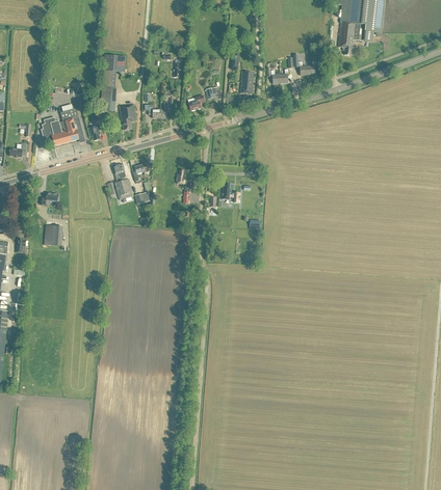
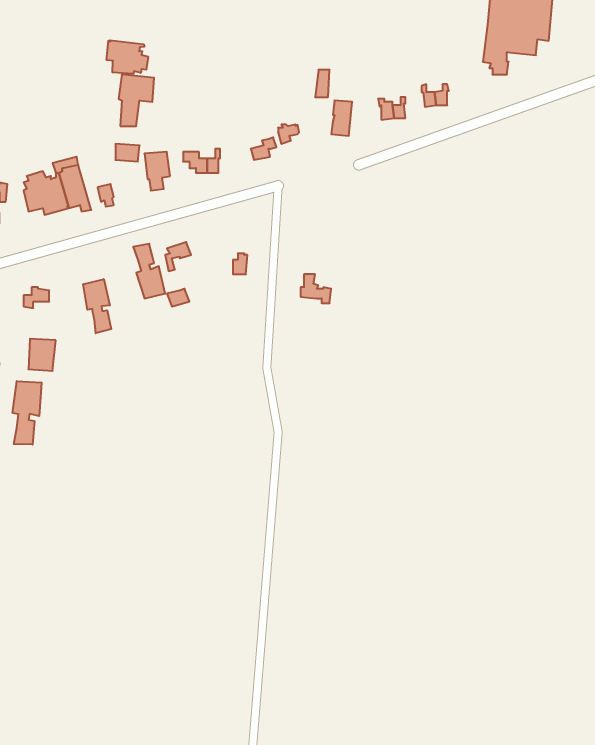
building: none -> [107,40,148,74]
building: none -> [83,279,111,333]
building: none -> [13,381,41,445]

